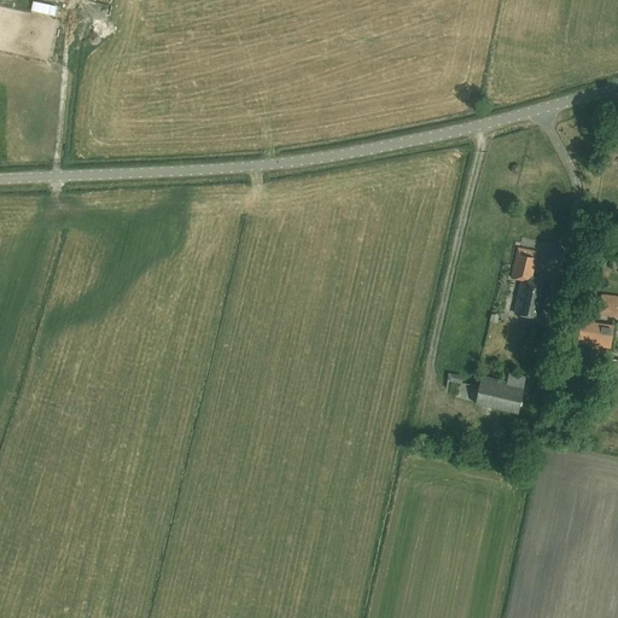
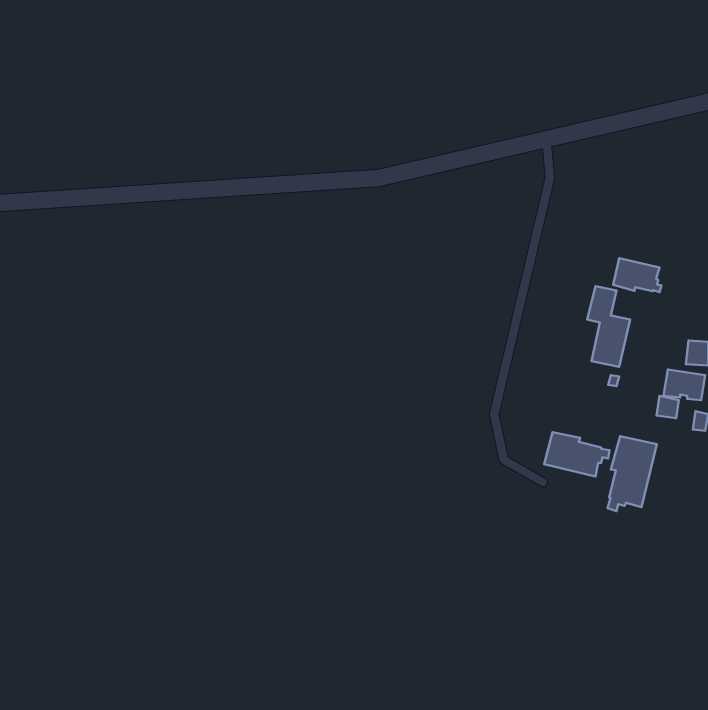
building: none -> [613,258,661,292]
building: none -> [608,436,657,511]

